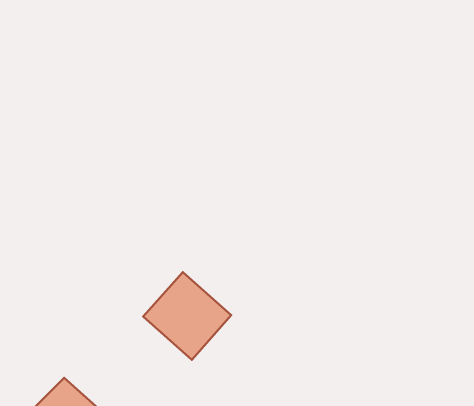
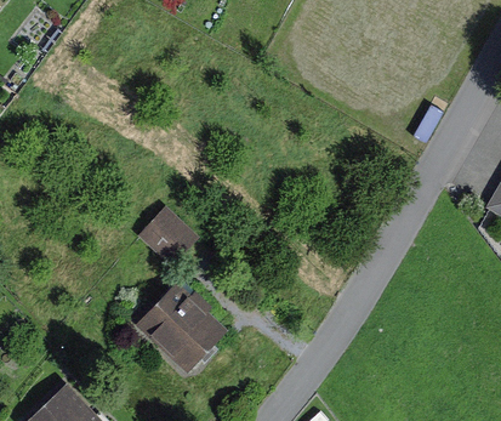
building: none -> [147,214,197,262]

